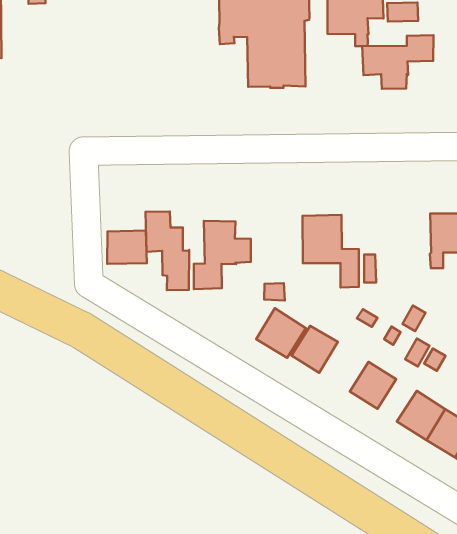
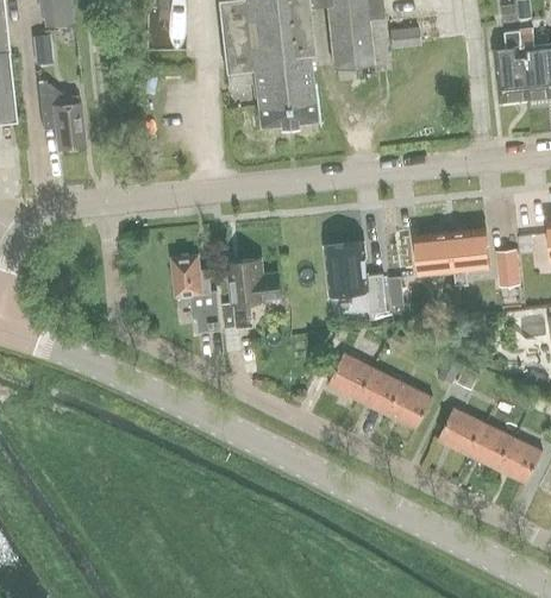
building: none -> [37,80,84,147]
building: [362,35,434,89] -> none
building: none -> [415,232,455,275]
building: [107,231,147,264] -> none
building: [256,308,306,358] -> [356,366,403,414]

